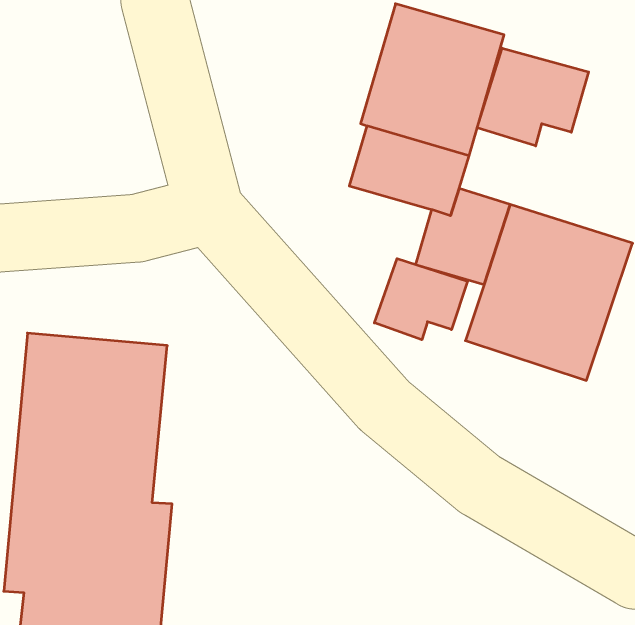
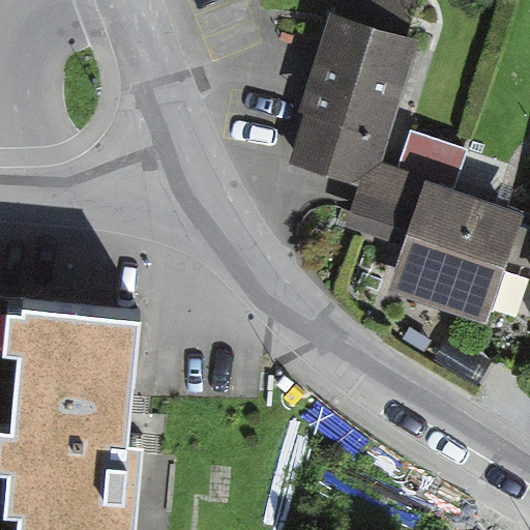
building: [477,48,589,146] -> none
building: [374,259,468,340] -> none

